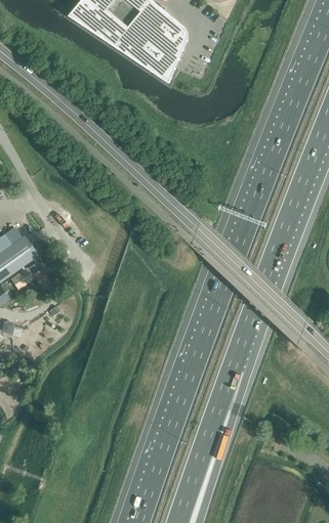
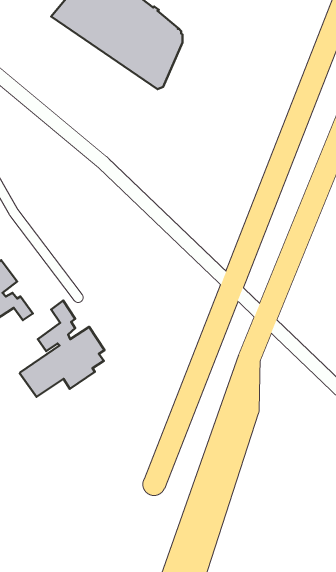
building: none -> [20,301,105,397]

